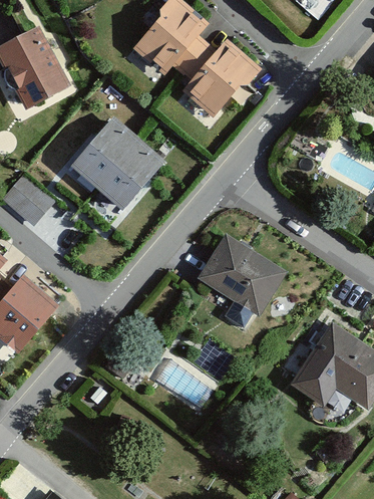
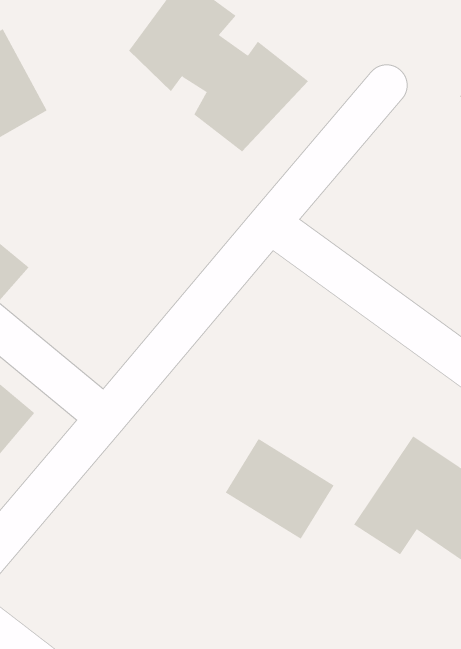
building: [75,117,162,204] -> none
building: [204,235,283,308] -> [225,438,335,540]

